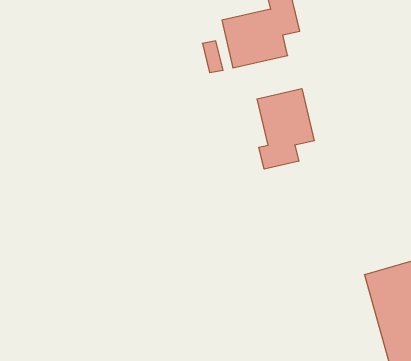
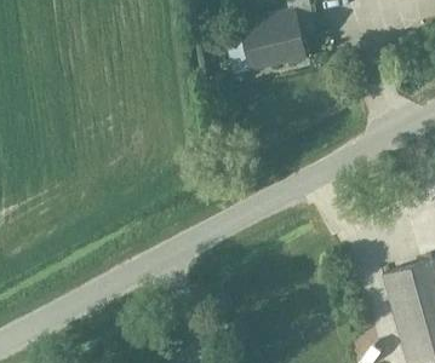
building: [257,89,314,169] -> none

